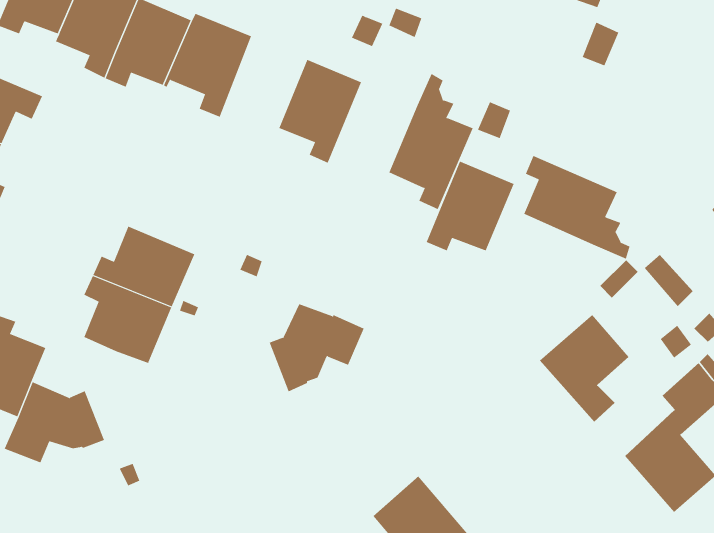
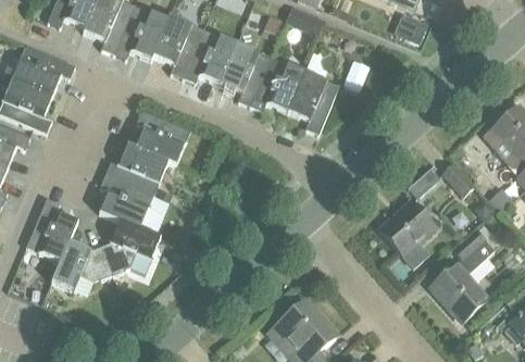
building: none -> [183,29,236,86]
building: [524,155,630,259] -> none
building: [426,161,514,251] -> [249,58,303,113]
building: none -> [126,112,189,166]
building: [269,304,364,392] -> [100,223,159,277]

